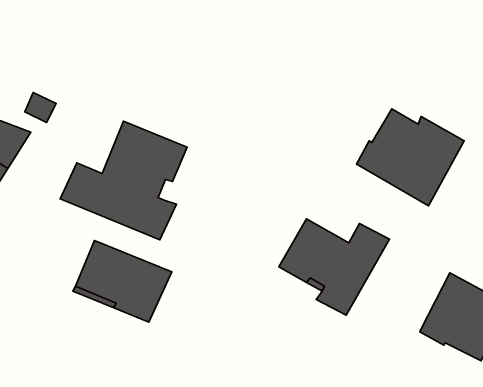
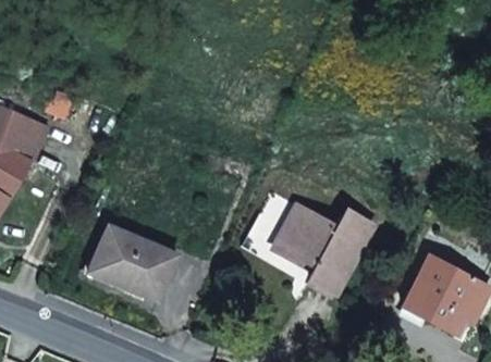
building: [357,109,464,206] -> none
building: [60,121,187,240] -> none

